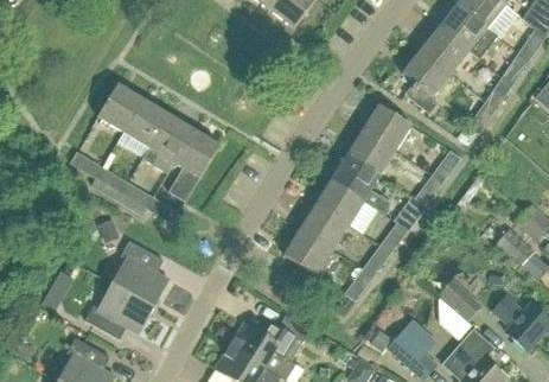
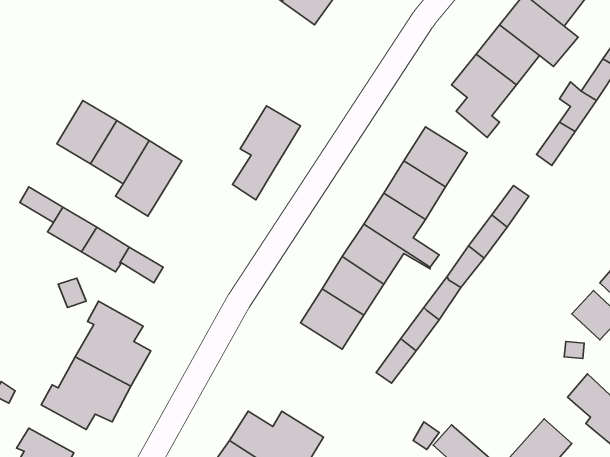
building: [167,130,219,203] -> [233,106,300,200]
building: [439,279,478,317] -> none

